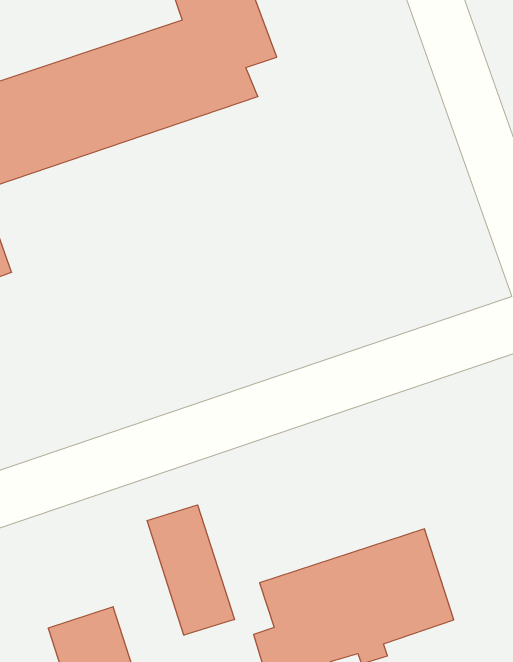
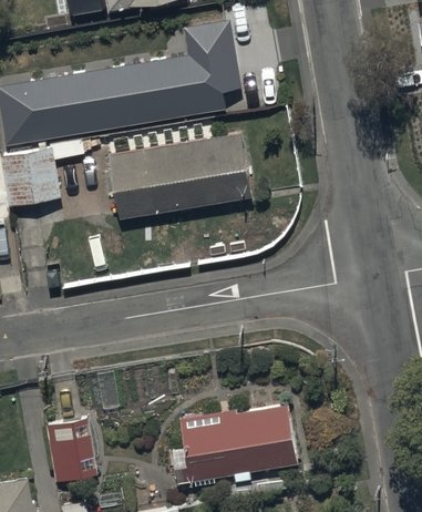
building: none -> [107,127,251,216]
building: [147,505,234,635] -> none

